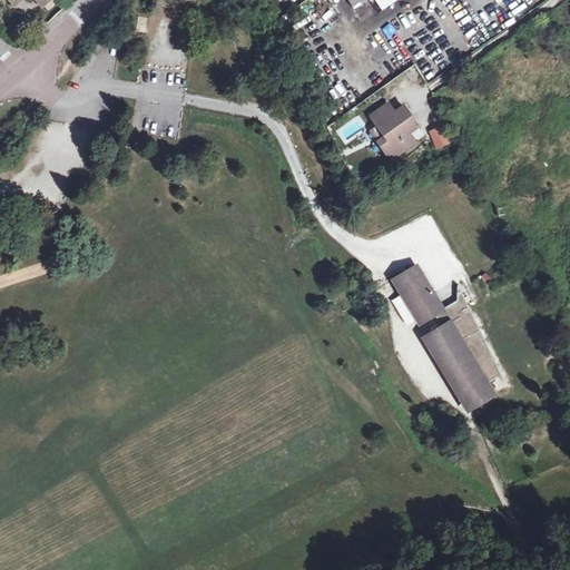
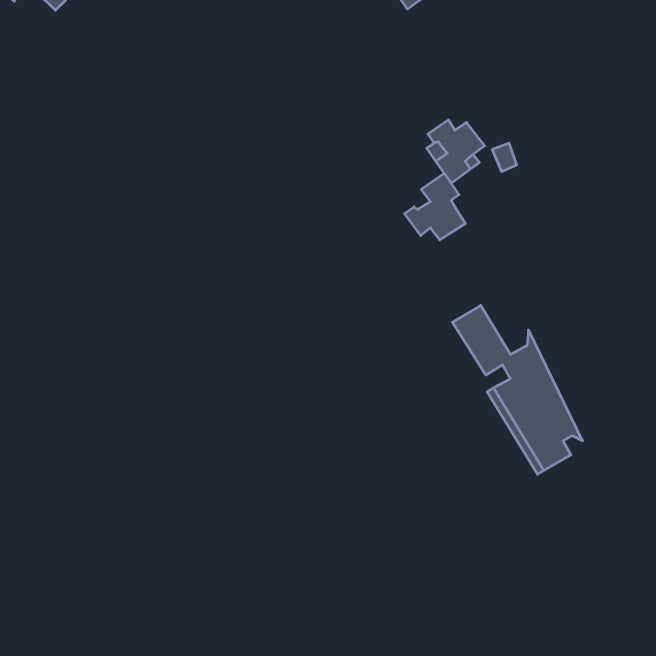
building: none -> [405,173,465,240]

